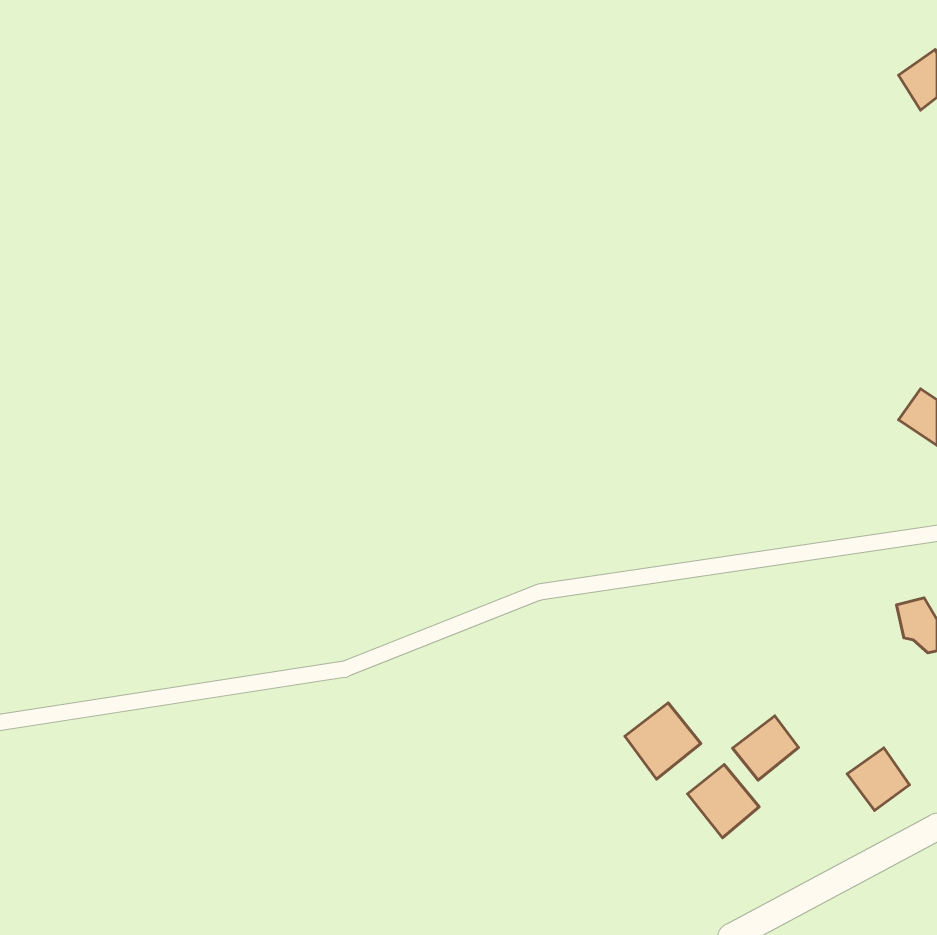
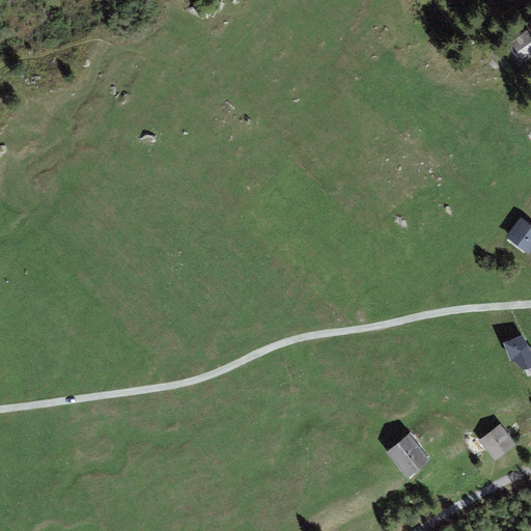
building: [625,703,701,779] -> none
building: [732,716,799,780] -> none

